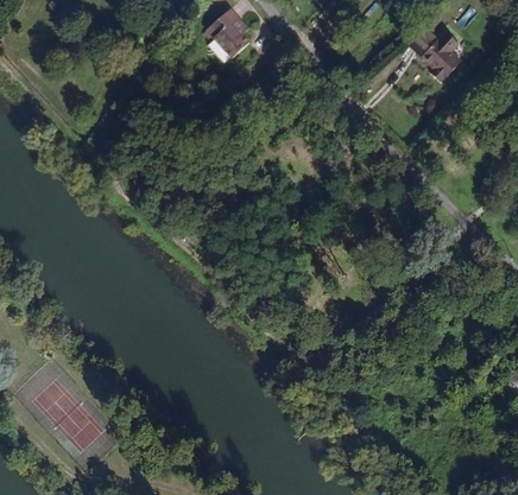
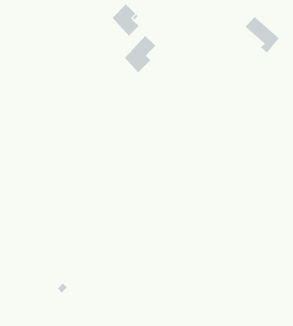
building: none -> [124,35,156,73]

